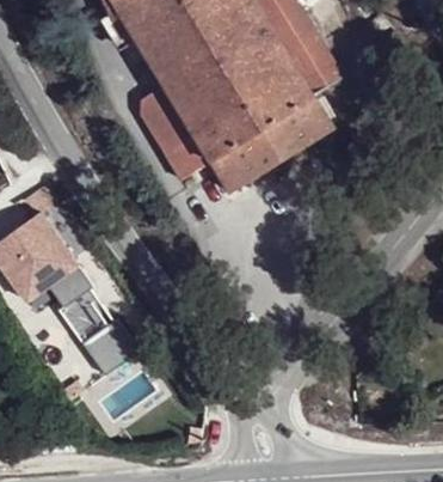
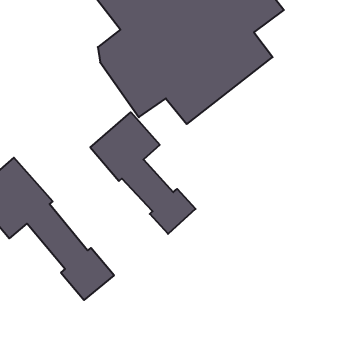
building: none -> [90,112,196,234]

